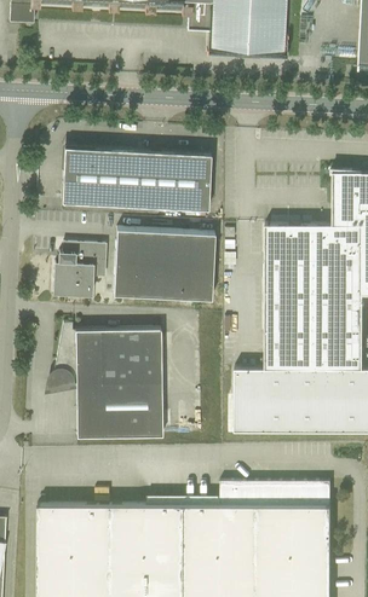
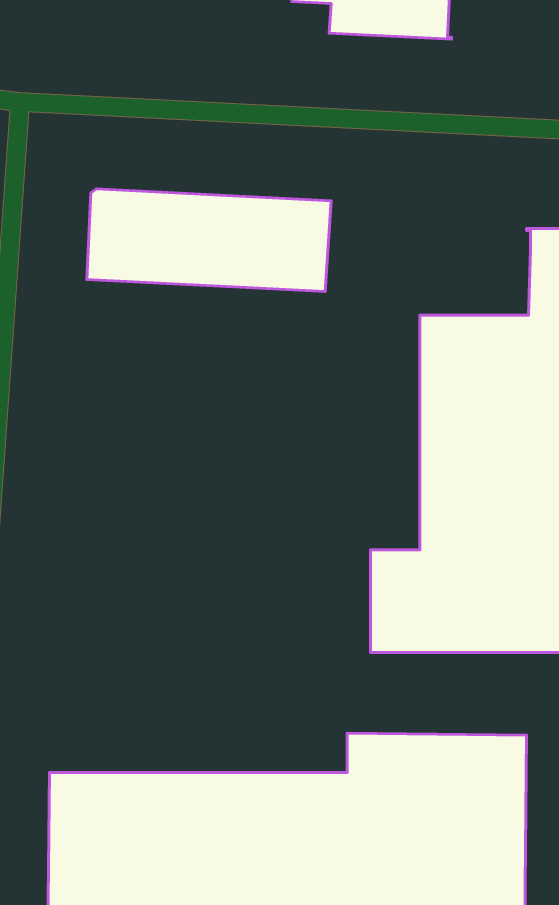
building: [114,230,215,300] -> none
building: [54,243,107,297] -> none
building: [52,324,163,437] -> none

